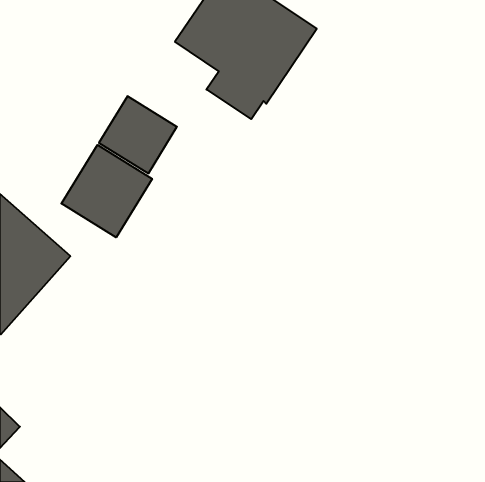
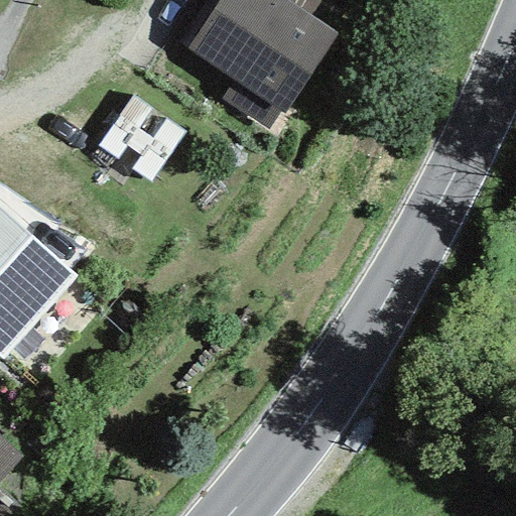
building: [61,145,152,237] -> none

